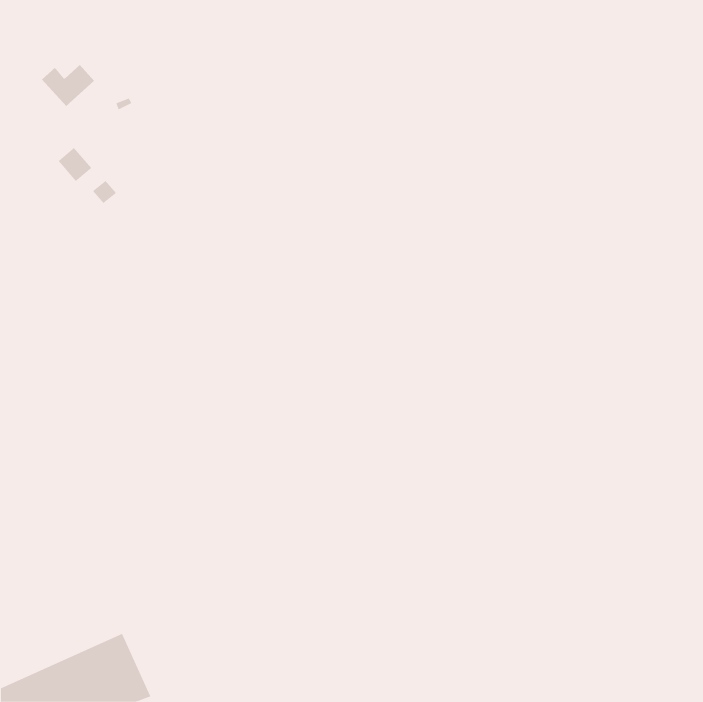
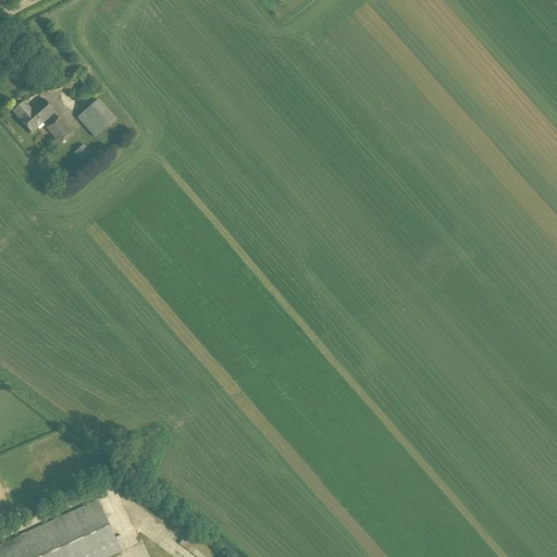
building: [41,64,95,107] -> [12,99,54,133]
building: none -> [76,99,115,138]

